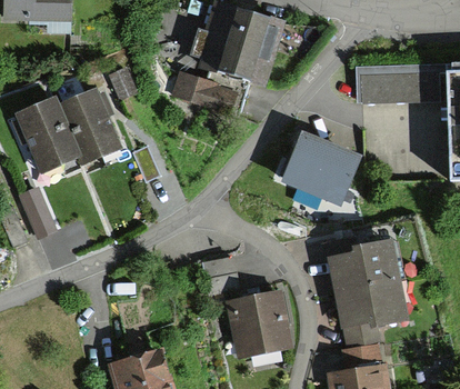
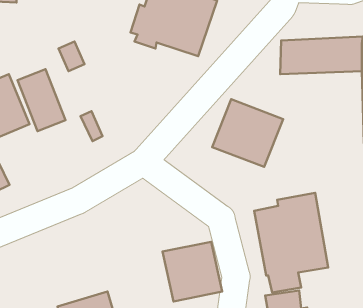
building: [172,71,240,117] -> none

